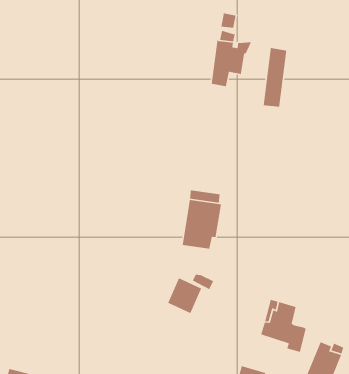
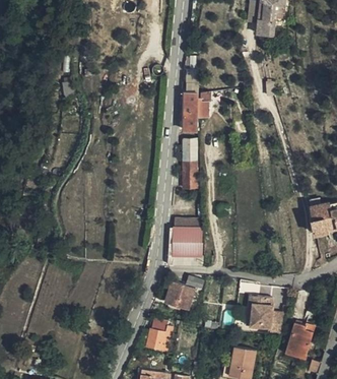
building: [263,47,287,108] -> [181,131,196,180]
building: none -> [146,326,172,349]

